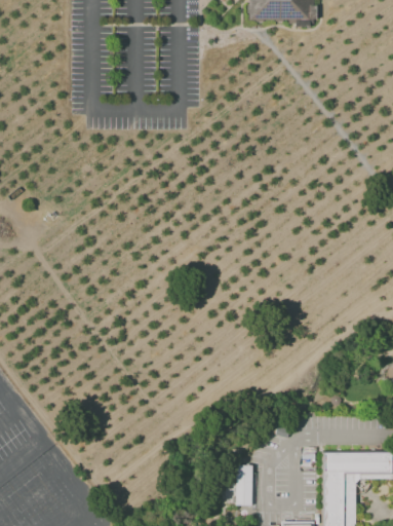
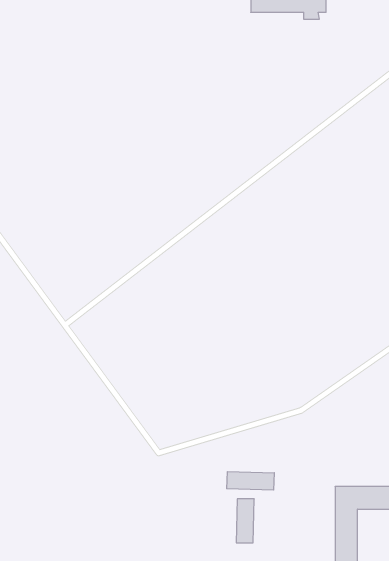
building: none -> [227,472,274,490]

